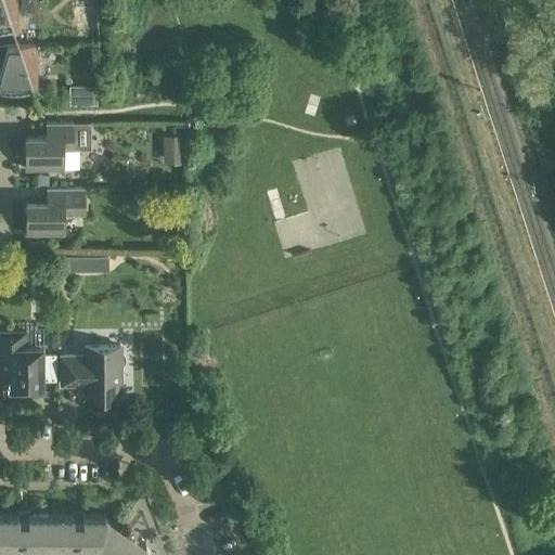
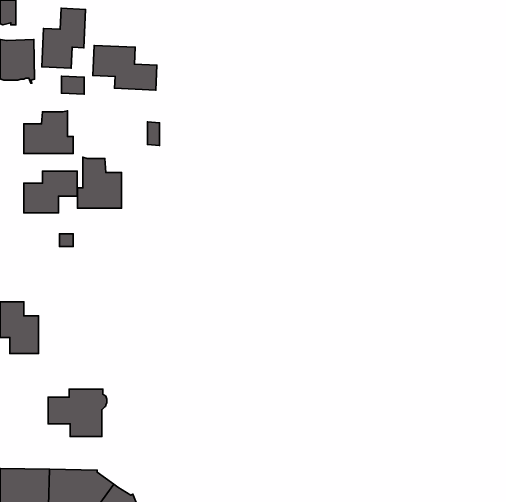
building: none -> [42,8,86,68]
building: none -> [93,46,157,90]
building: none -> [78,157,122,208]
building: [62,349,126,401] -> [48,389,107,437]

